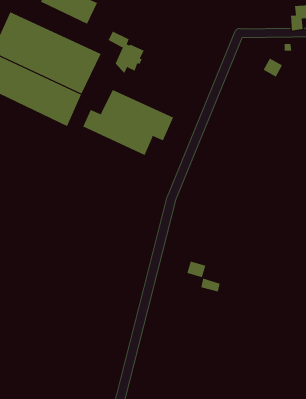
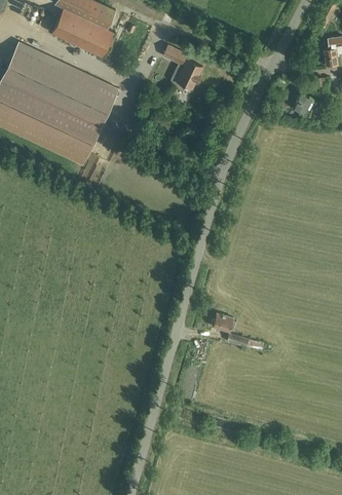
building: [108,31,145,75] -> [162,44,202,92]
building: [82,89,174,156] -> none

